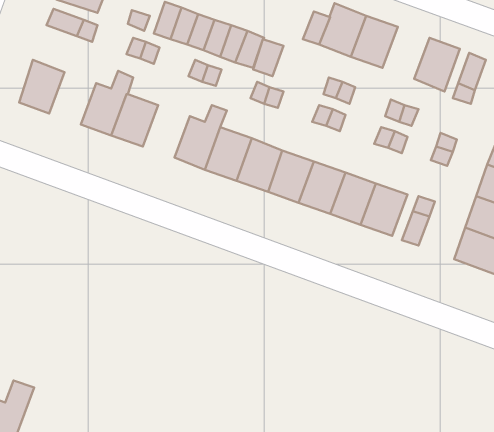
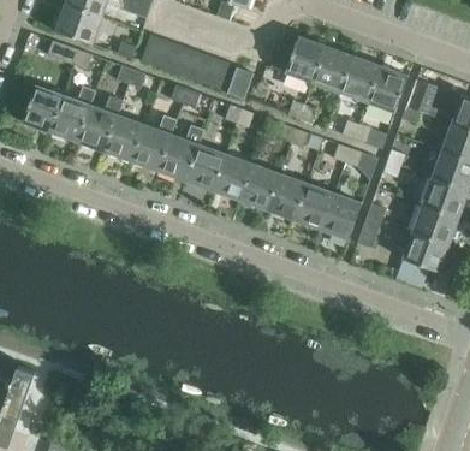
building: none -> [339,55,380,101]
building: none -> [48,84,94,141]
building: none -> [130,114,175,170]

